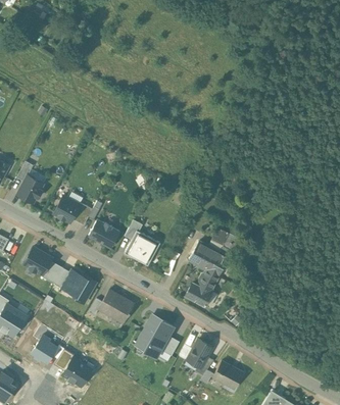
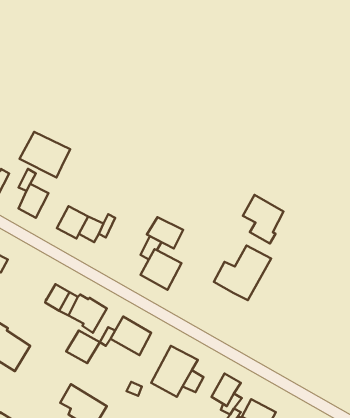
building: none -> [20,132,70,177]
building: none -> [243,195,284,244]
building: [88,220,119,248] -> [147,217,183,248]
building: [22,247,52,275] -> none
building: [186,269,218,305] -> none
building: [30,333,59,361] -> [66,331,100,363]

